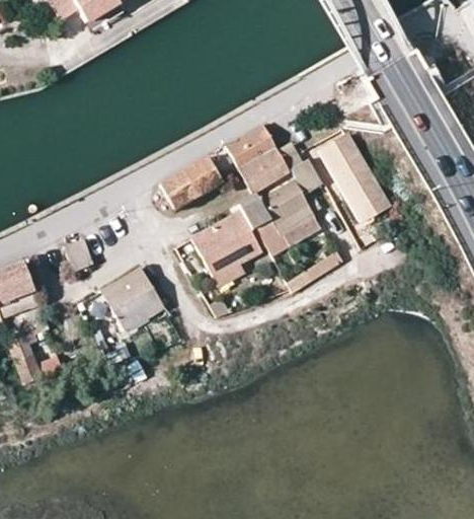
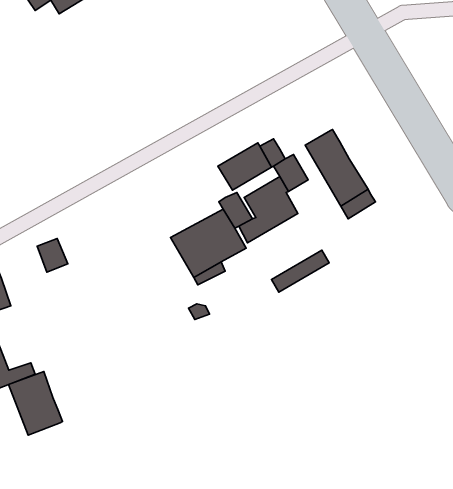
building: [225,126,276,170] -> none
building: [160,157,223,210] -> none
building: [101,270,164,331] -> none
building: none -> [9,371,63,435]

